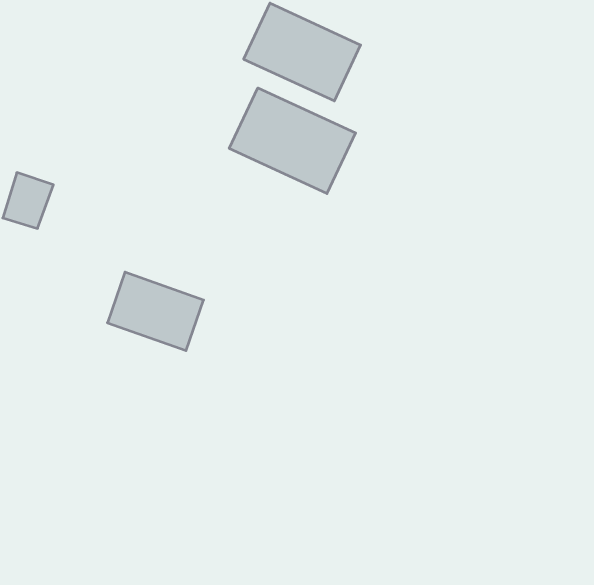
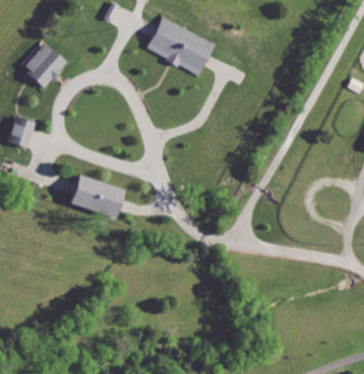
building: none -> [21,42,68,88]
building: [229,88,356,194] -> none

